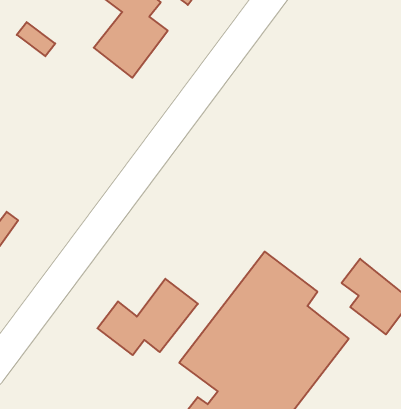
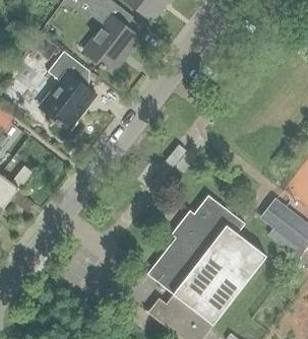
building: none -> [39,52,93,129]
building: [97,279,198,355] -> none

